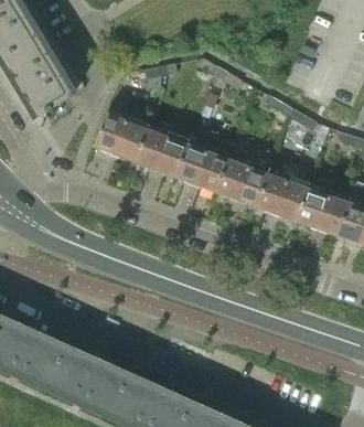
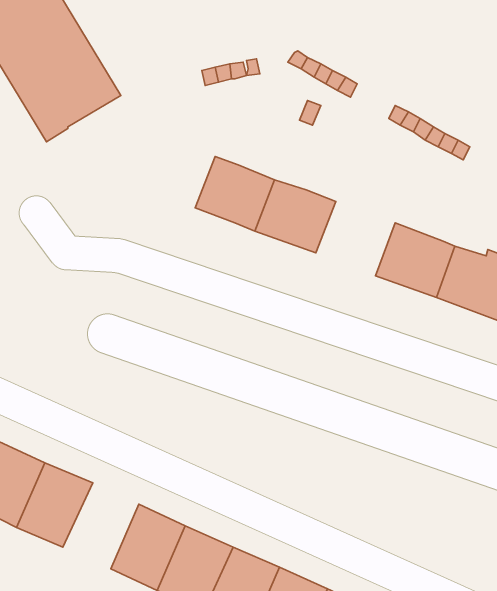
building: [92,110,147,161] -> none
building: [214,157,269,206] -> none
building: [45,344,96,402] -> none

